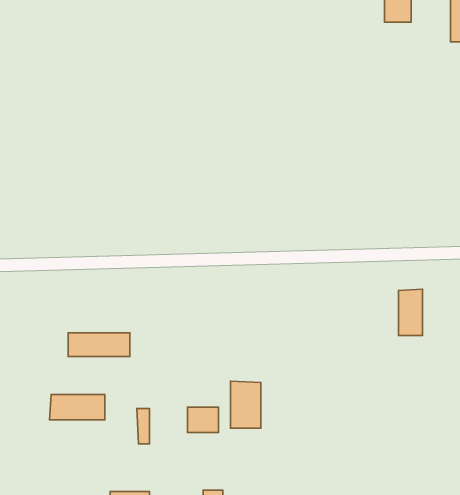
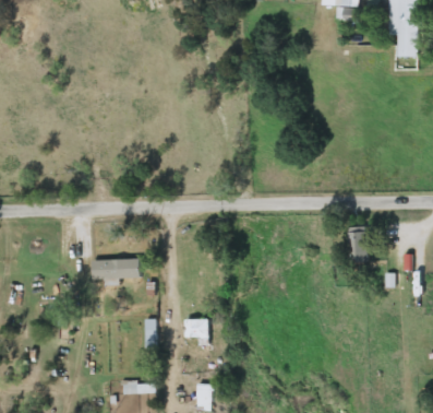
building: [230,381,261,428] -> none
building: [50,395,105,420] -> none

